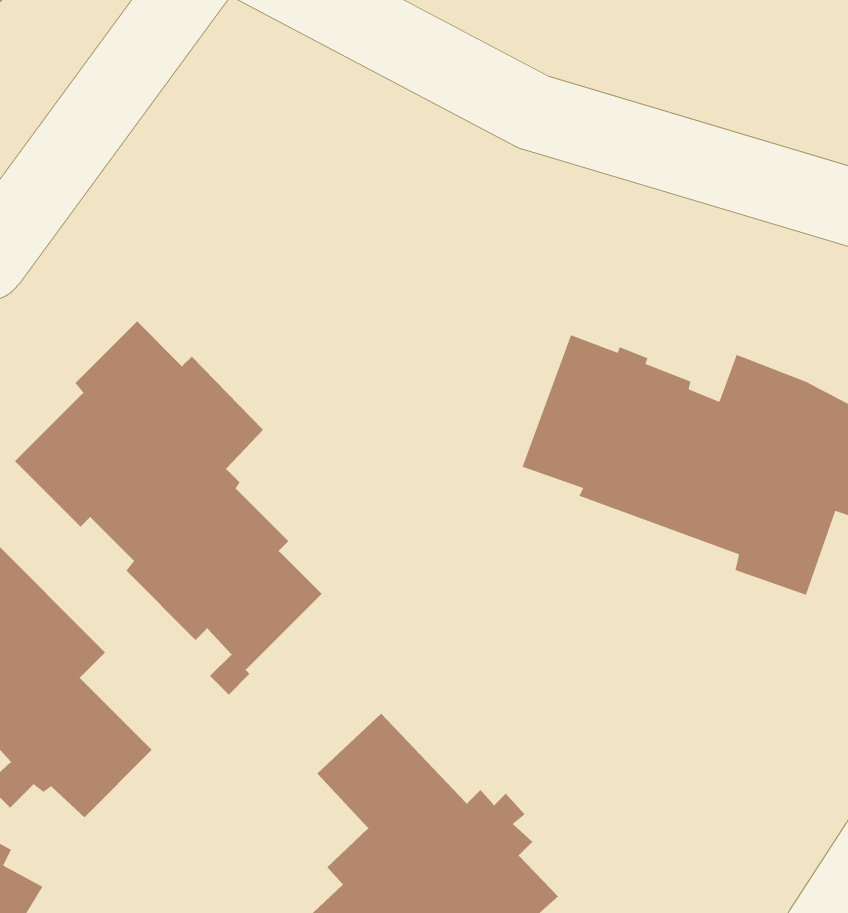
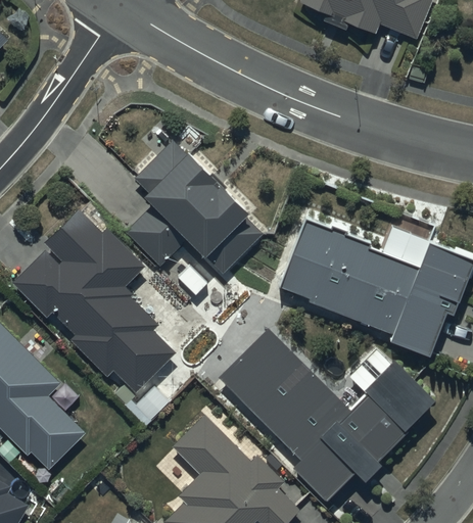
building: none -> [125,141,263,296]
building: none -> [218,327,432,501]

